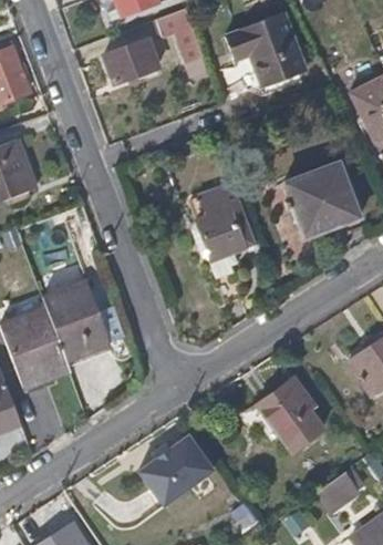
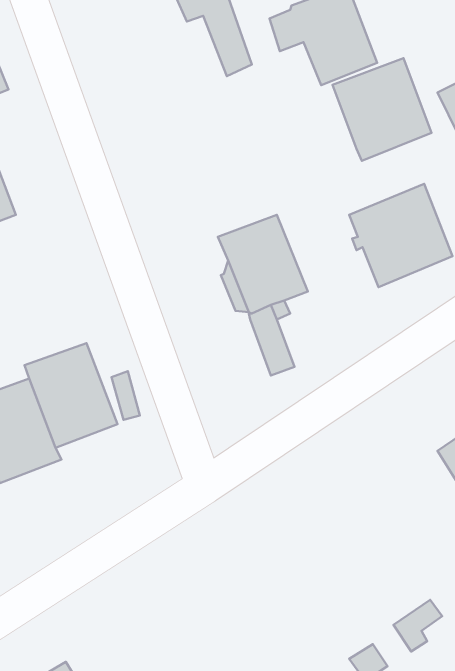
building: [103,40,158,84] -> none
building: none -> [333,58,432,161]
building: [242,380,325,450] -> none
building: [141,435,216,505] -> none

